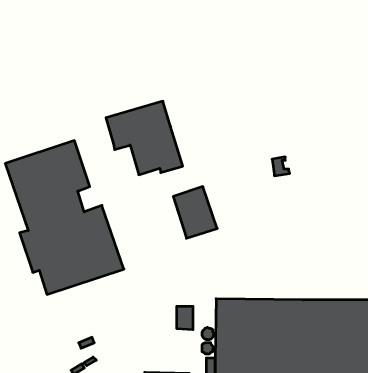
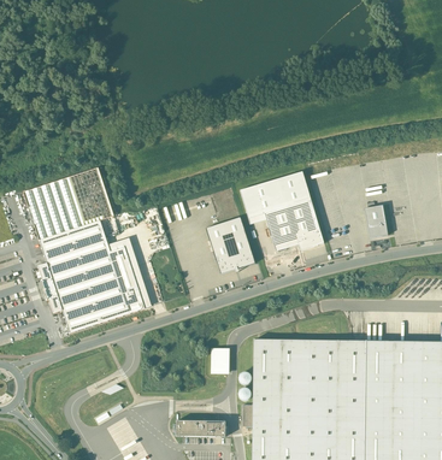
building: [106,101,183,175] -> [240,171,324,252]
building: none -> [364,205,388,238]

